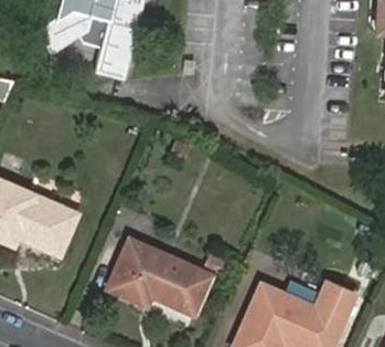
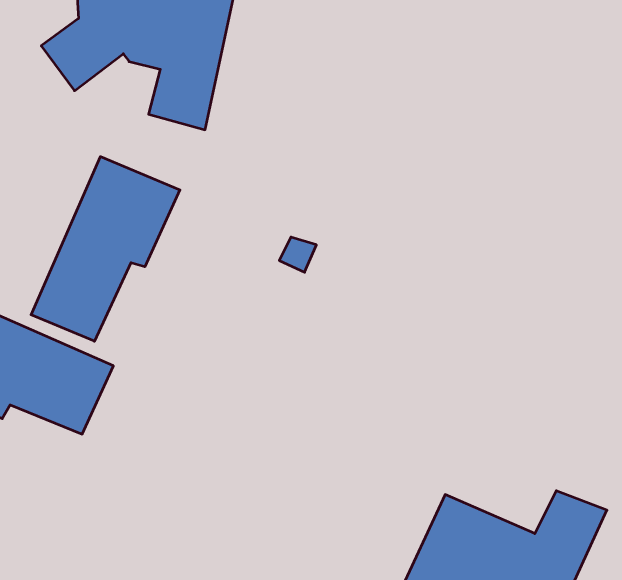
building: none -> [31,157,180,341]
building: [107,239,211,315] -> none

